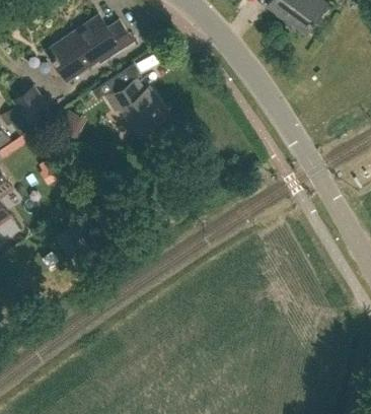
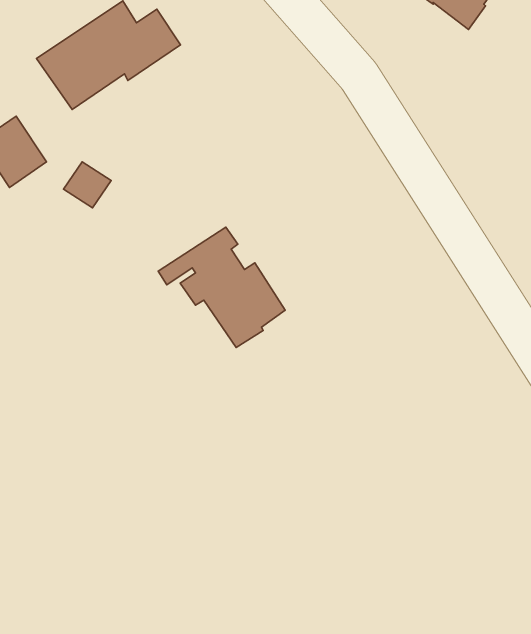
building: [92,65,168,137] -> [158,227,285,348]

